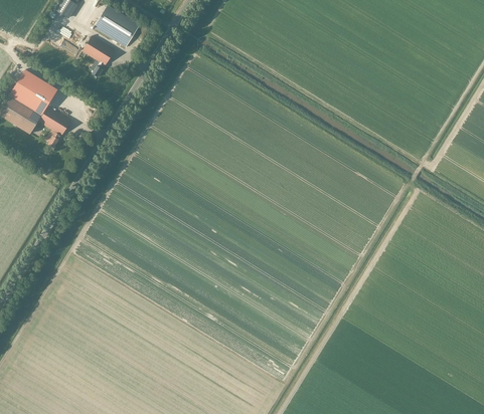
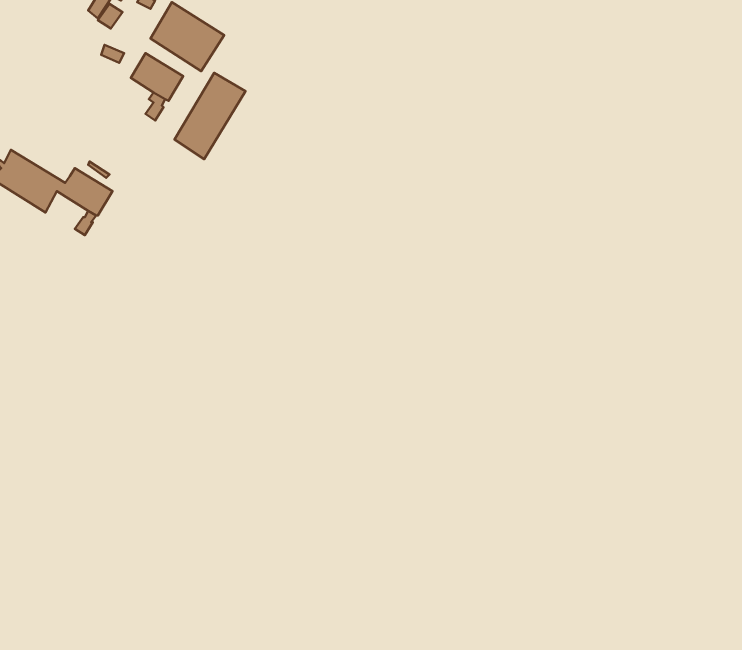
building: none -> [174,73,246,159]
building: [8,69,56,116] -> none

